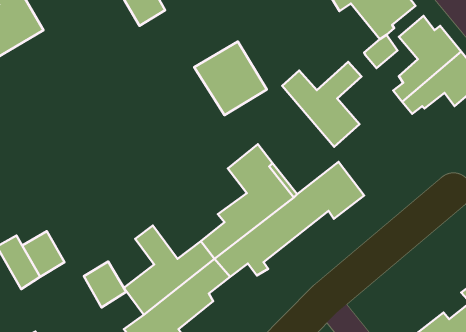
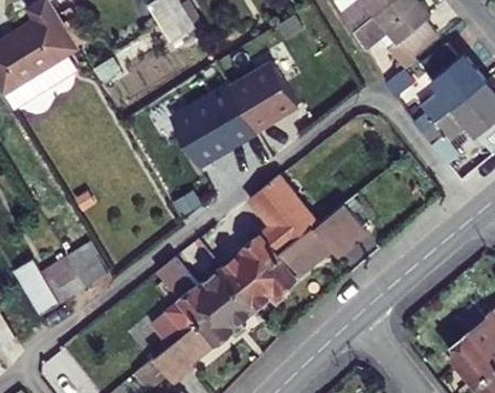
building: [282,62,361,147] -> none
building: none -> [164,93,250,177]
building: [84,262,126,307] -> [73,242,116,288]

